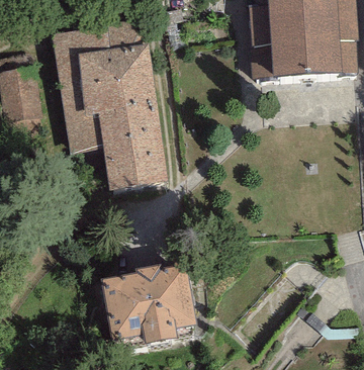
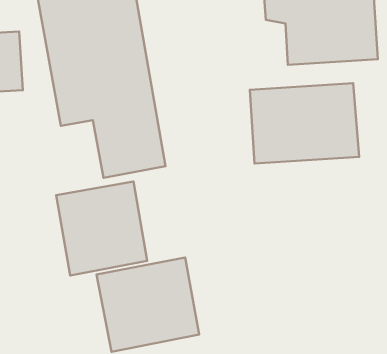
building: none -> [250,83,359,163]
building: none -> [56,182,147,275]

